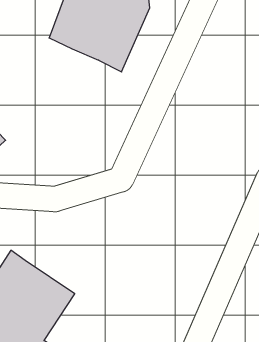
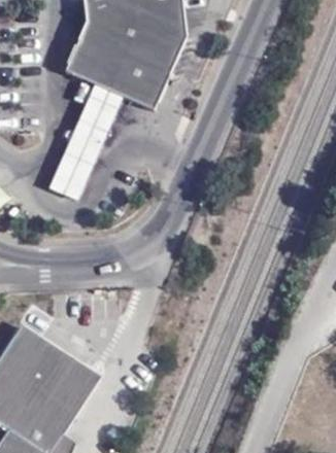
building: none -> [49,82,127,199]

